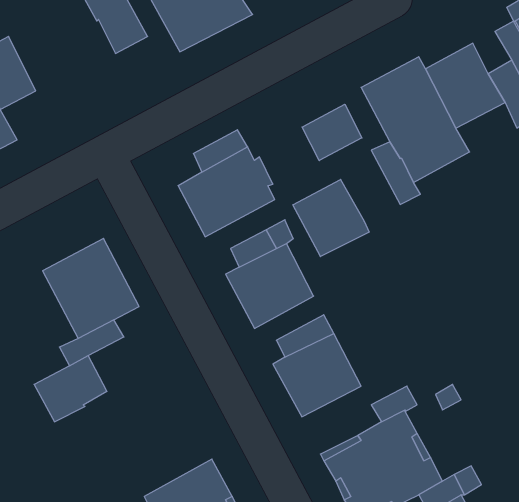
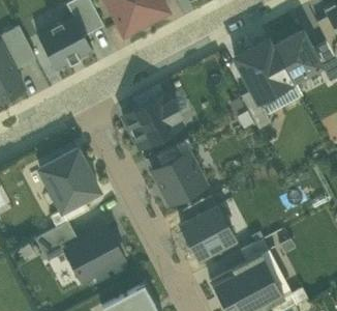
building: none -> [37,16,92,70]
building: [302,104,362,161] -> none
building: [293,179,369,257] -> none
building: none -> [64,227,123,281]

